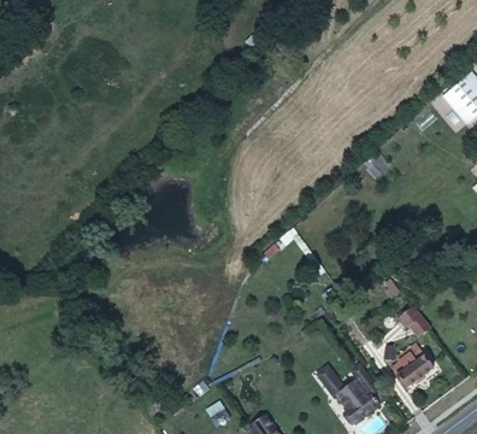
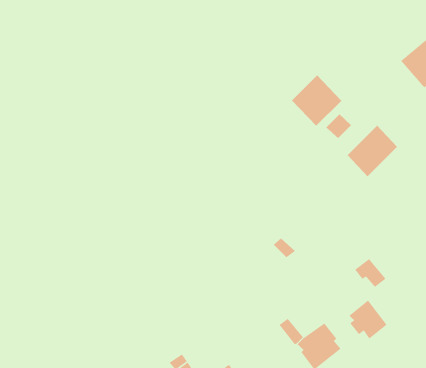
building: none -> [291,75,342,127]
building: none -> [347,125,398,177]

